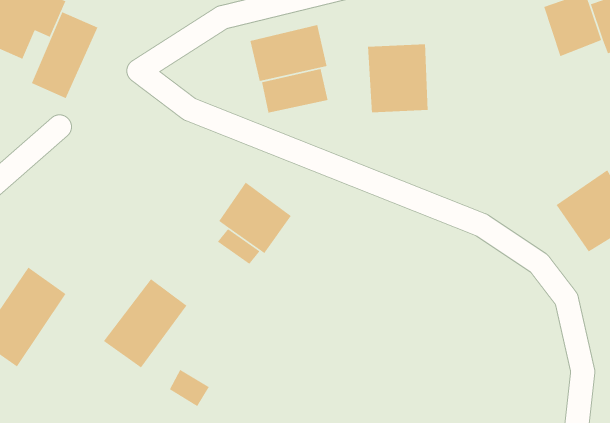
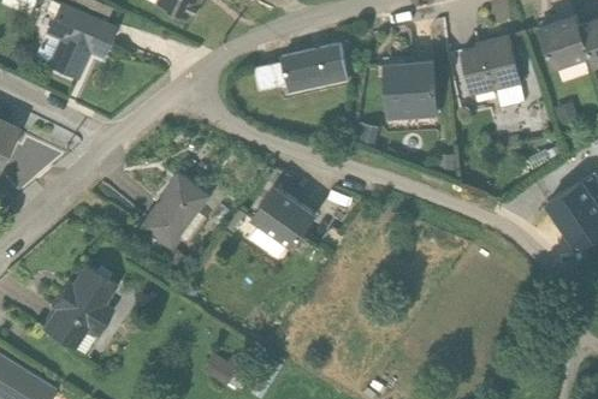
building: [31,11,98,99] -> none
building: none -> [461,42,520,96]
building: [261,68,329,114] -> none
building: [103,278,188,369] -> [137,169,212,249]

